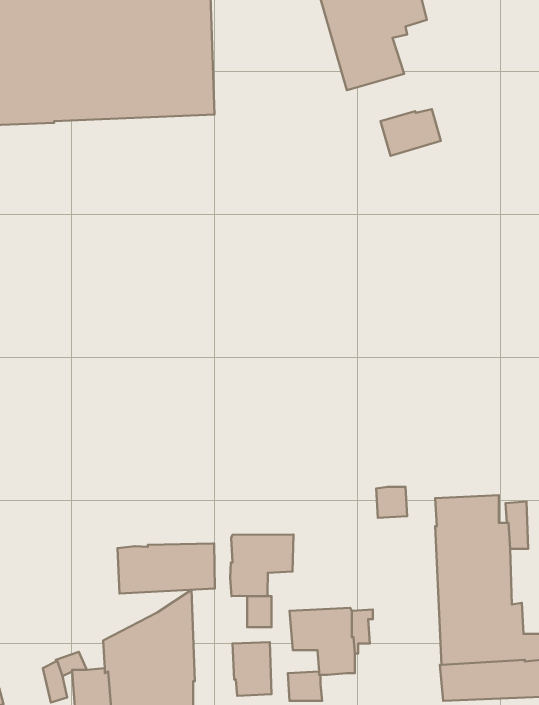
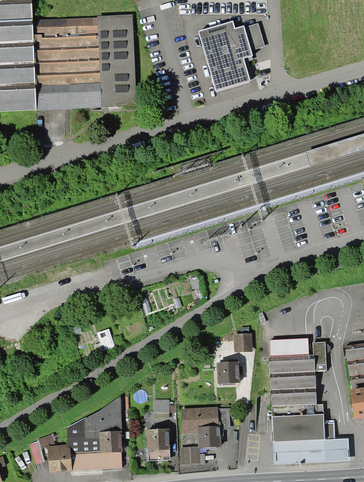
building: [381,109,441,156] -> none
building: none -> [216,362,239,384]
building: [230,534,294,596] -> none
building: [117,543,215,593] -> none

